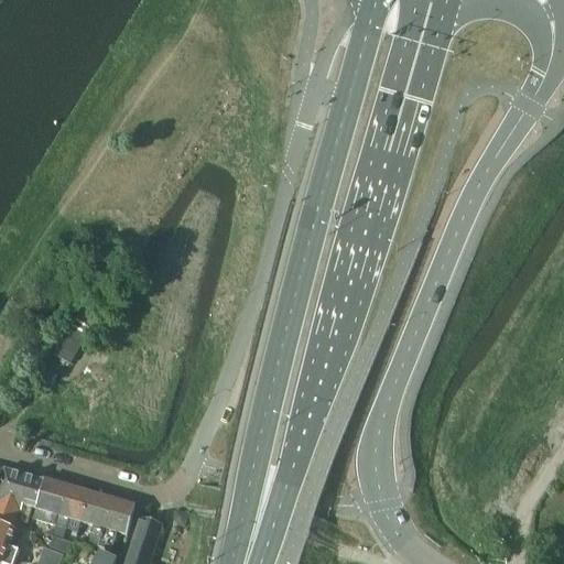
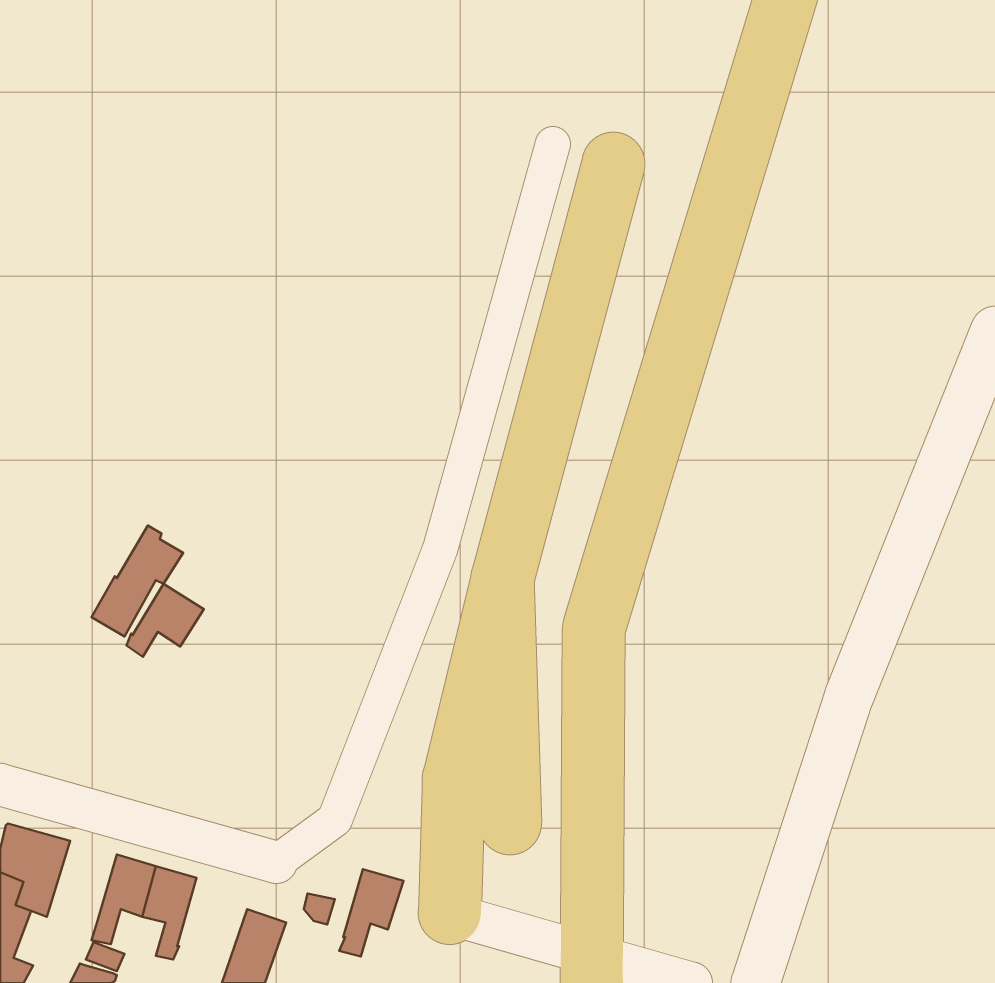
building: none -> [126,584,204,657]
building: [32,477,66,521] -> none
building: [98,497,134,546] -> [339,869,404,957]

